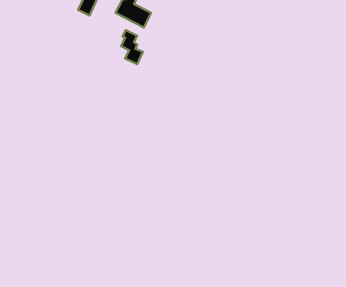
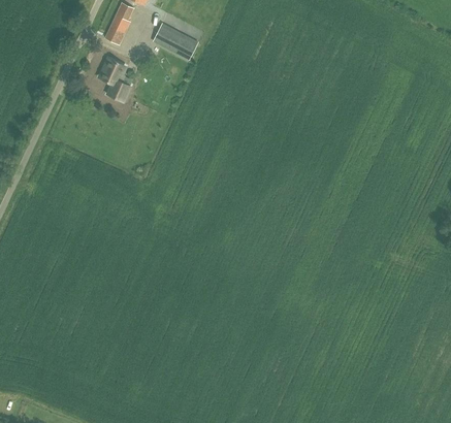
building: [121,30,143,64] -> [101,58,129,101]

